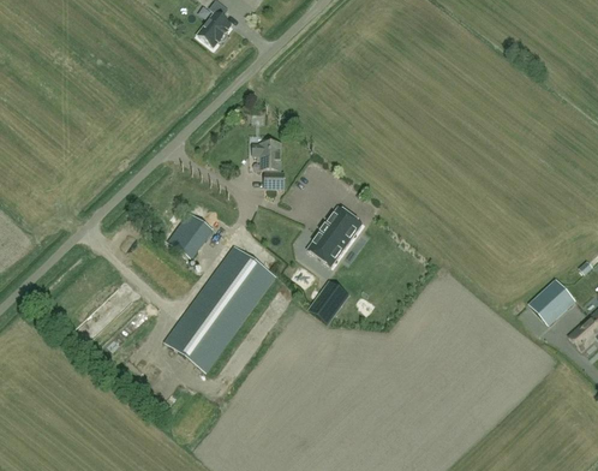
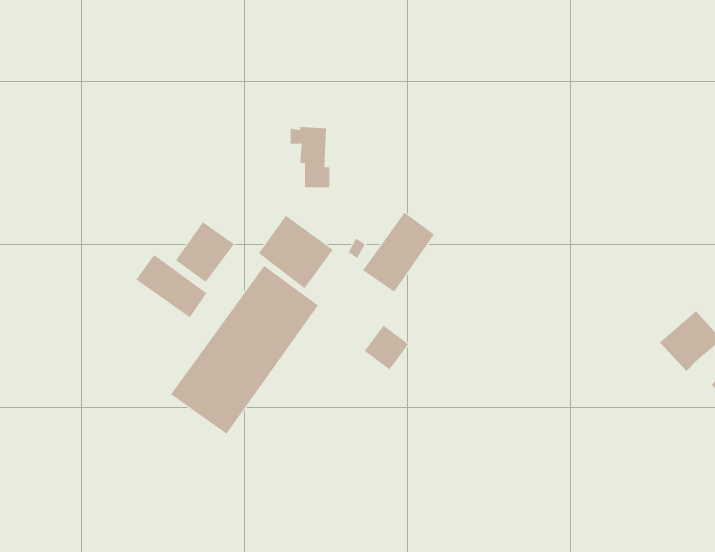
building: none -> [258,215,334,289]
building: none -> [136,254,207,318]

